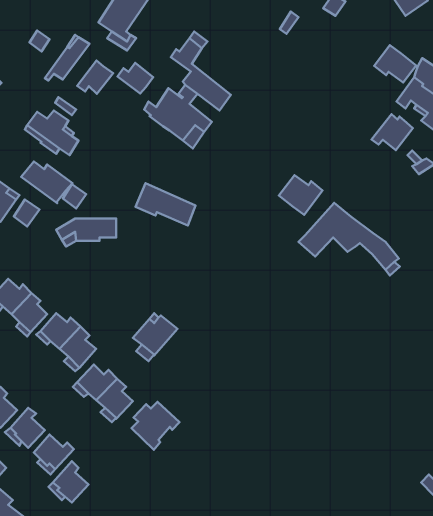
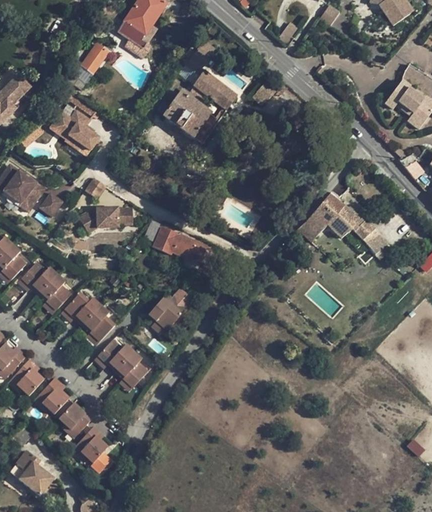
building: [374,45,416,83] -> none
building: [77,60,113,94] -> none
building: [118,63,153,93] -> none
building: [371,114,413,150] -> none
building: [21,162,73,203] -> none
building: [279,175,323,215] -> none
building: [136,183,196,226] -> [153,225,207,263]
building: [131,402,180,450] -> none

